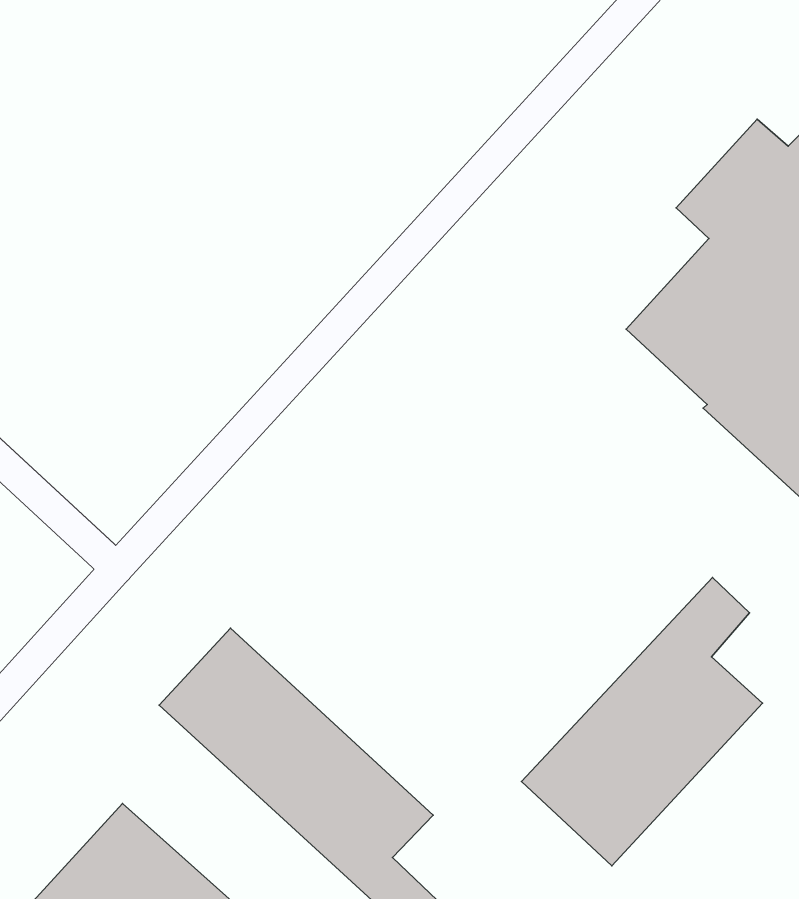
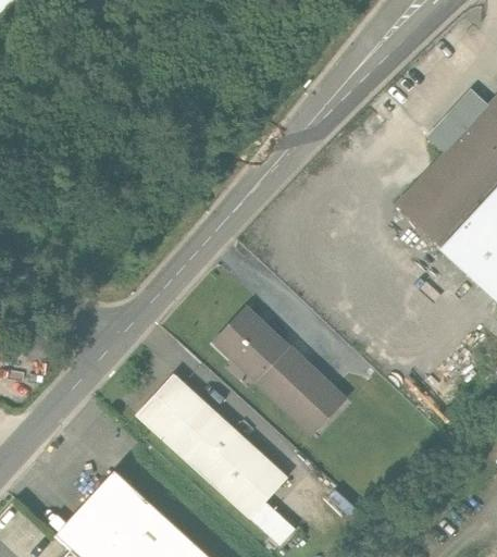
building: none -> [211,307,348,438]
building: [521,577,762,866] -> none

